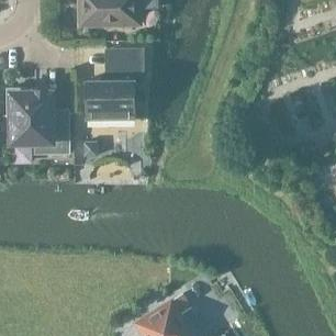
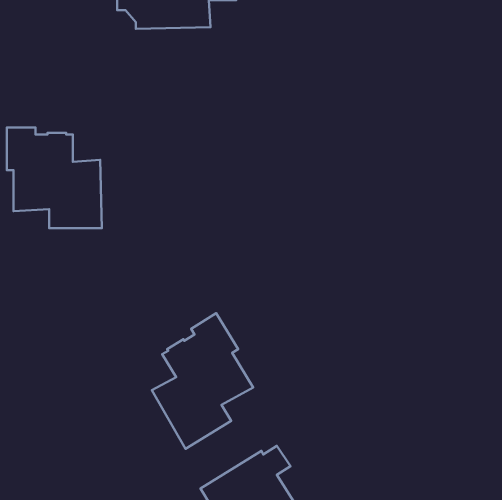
building: [85,49,144,121] -> none
building: none -> [152,313,253,449]

